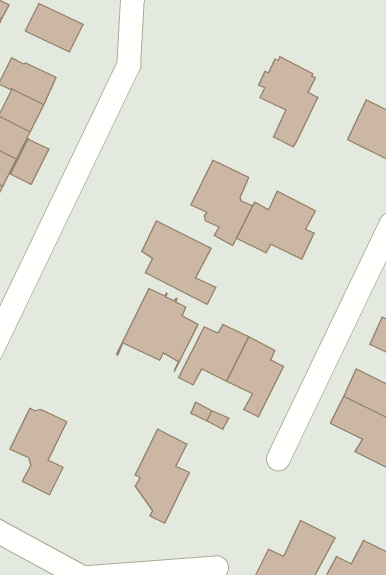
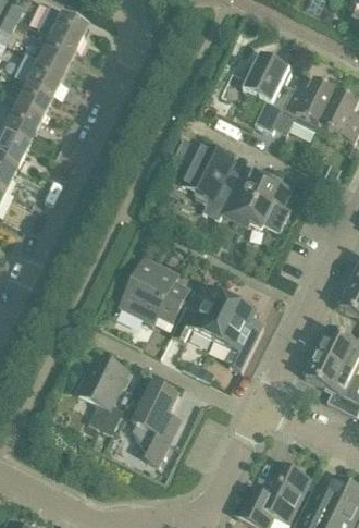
building: none -> [36,36,75,72]
building: none -> [274,79,336,135]
building: [10,139,49,184] -> none
building: [142,221,216,304] -> none
building: [10,408,67,495] -> [77,358,127,434]

